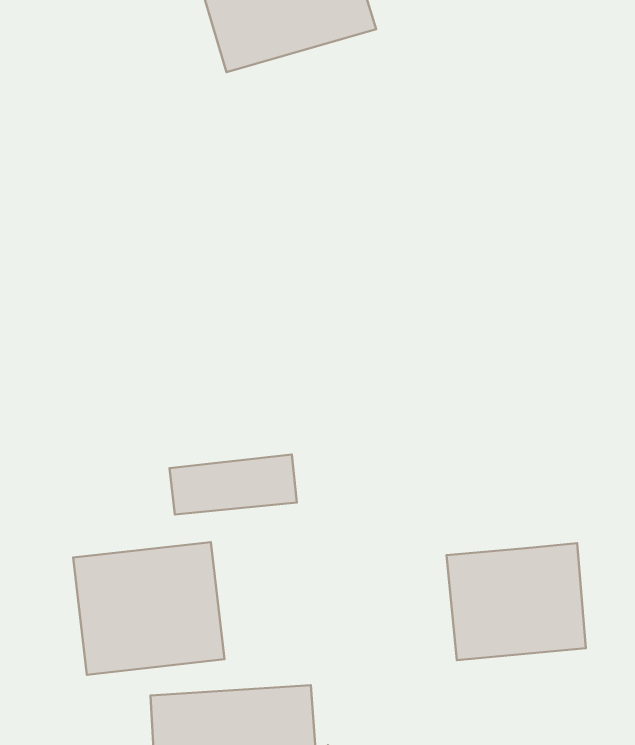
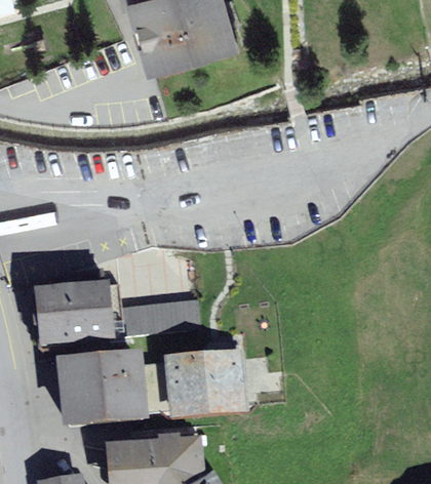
building: none -> [35,281,112,342]
building: [446,543,586,660] -> [162,347,245,416]

